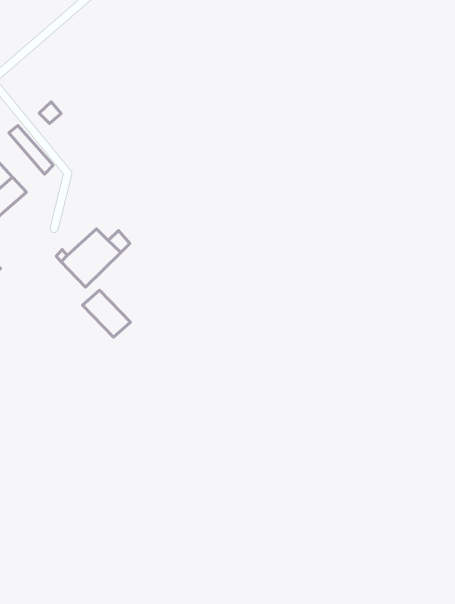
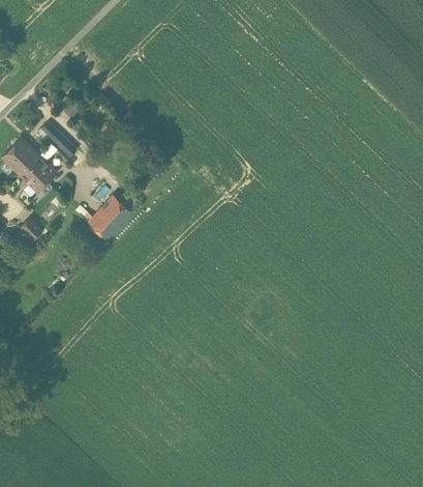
building: [82,290,130,337] -> none

